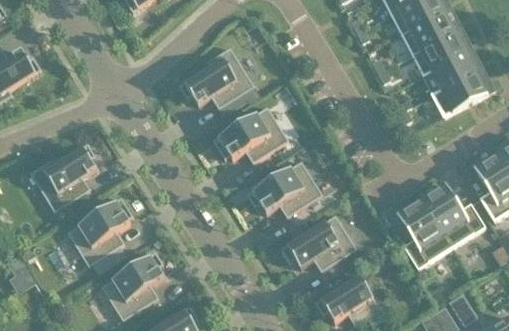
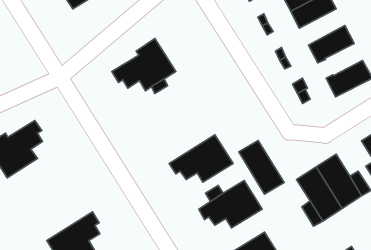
building: [400,12,454,55] -> none
building: [422,53,475,94] -> none
building: [212,107,288,163] -> none
building: none -> [239,140,284,194]
building: [67,198,132,266] -> none

